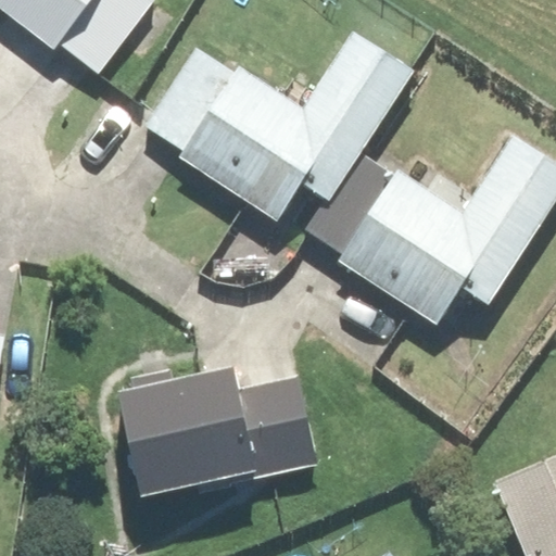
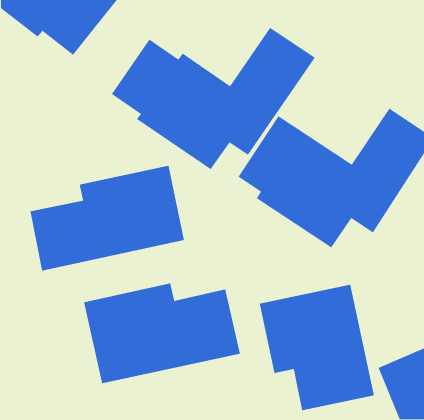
building: none -> [29,165,185,271]
building: none -> [259,284,375,411]

